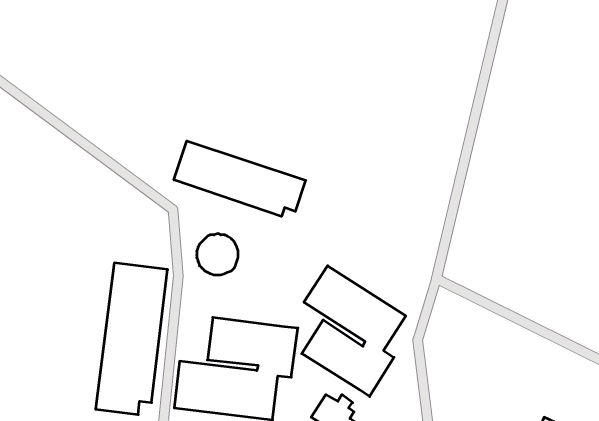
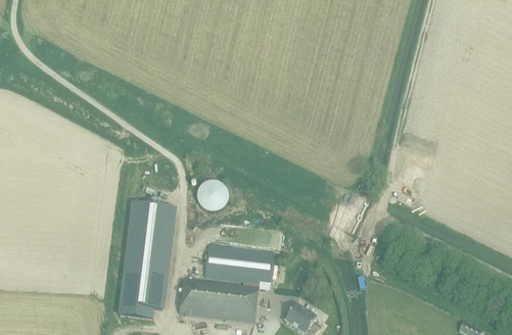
building: [174,141,306,216] -> none
building: [302,266,406,397] -> none

